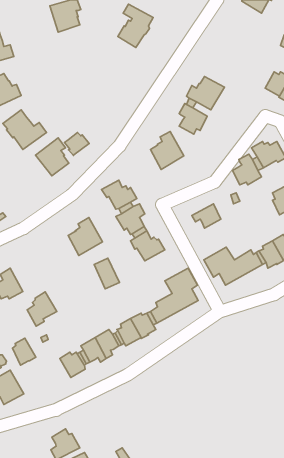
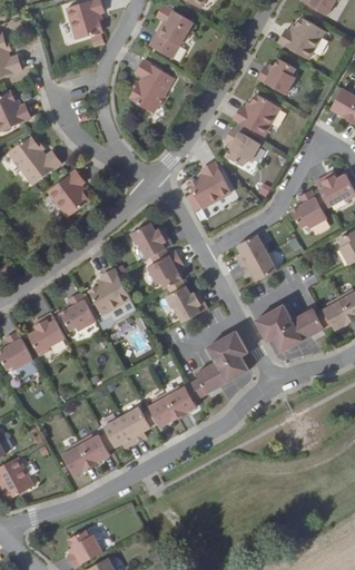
building: none -> [278,18,325,60]
building: none -> [257,59,295,95]
building: none -> [129,60,174,114]
building: [64,133,89,155] -> none
building: none -> [236,235,267,266]
building: none -> [60,293,96,330]
building: [27,292,57,326] -> [28,313,65,355]
building: [12,338,36,365] -> [62,442,91,475]

